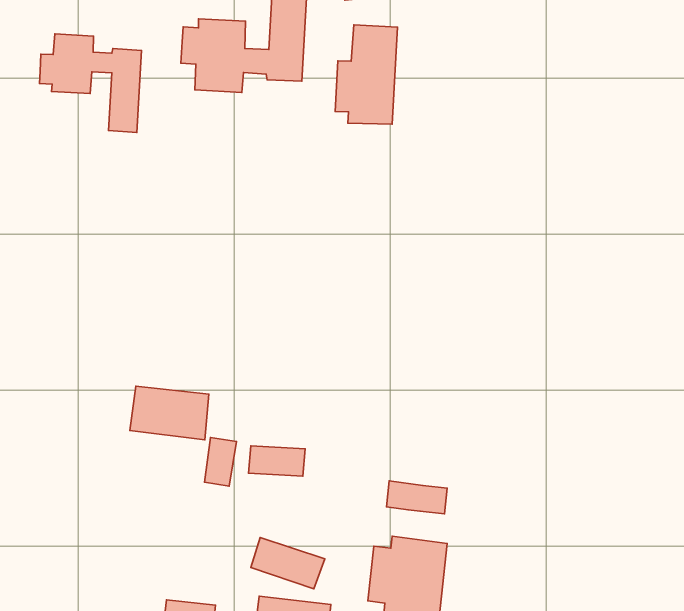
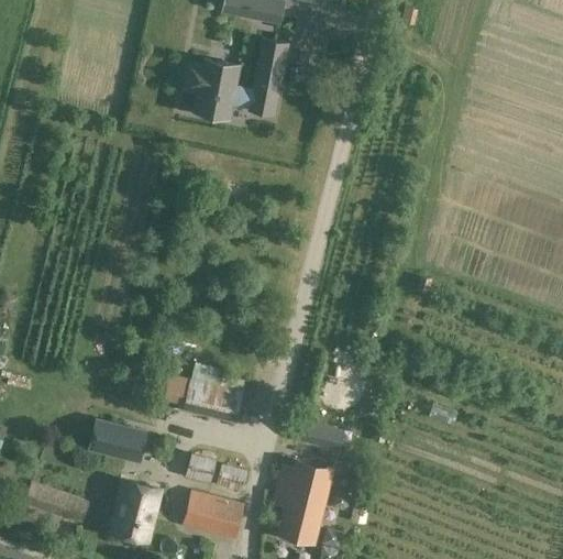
building: [335,25,398,124] -> none
building: [40,34,141,133] -> none
building: [130,386,209,440] -> [87,418,148,464]

